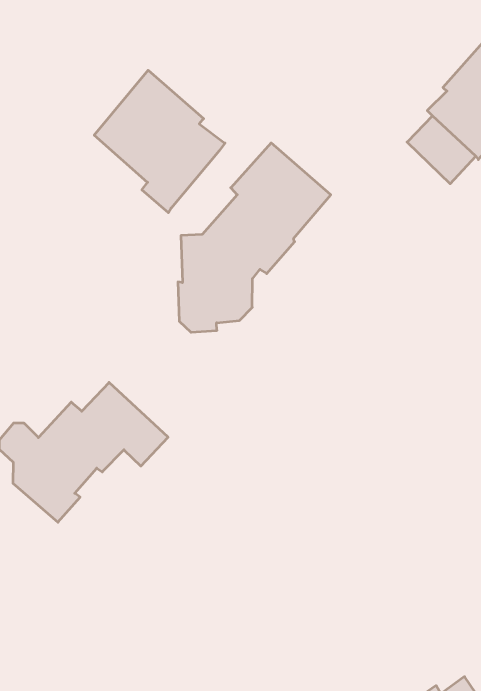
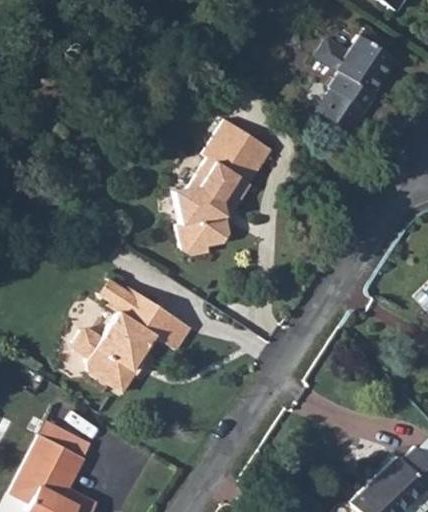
building: [94,70,225,213] -> none
building: none -> [98,277,143,317]

